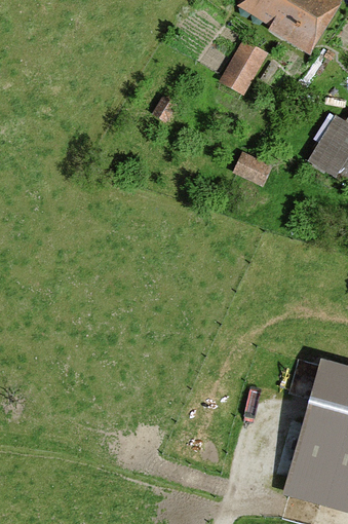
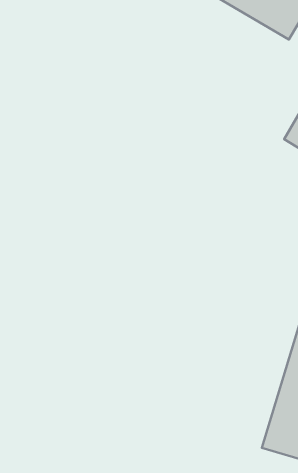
building: [219,41,267,96] -> none
building: [231,153,271,189] -> none

